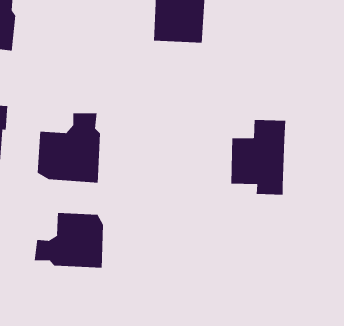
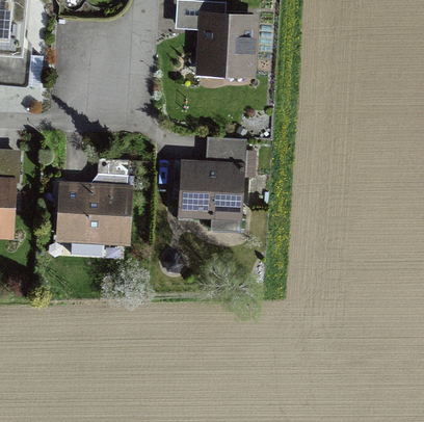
building: [231,119,286,195] -> [179,137,245,228]
building: [34,212,104,269] -> none

